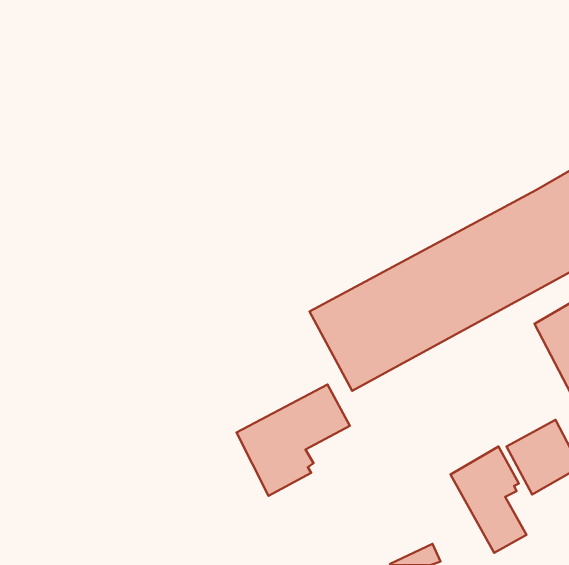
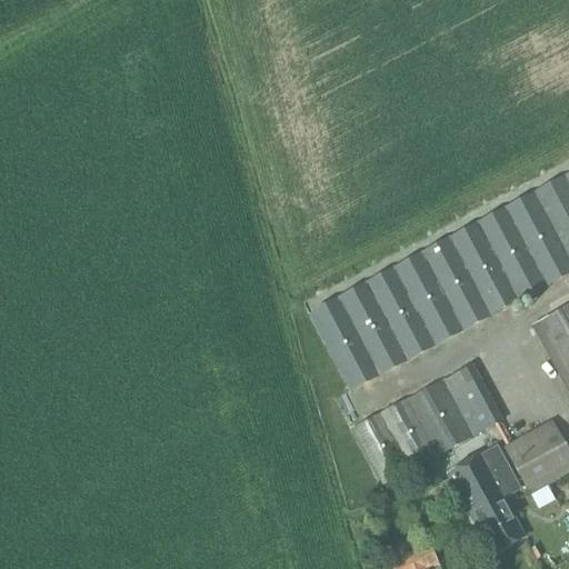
building: none -> [351,361,505,483]
building: [236,384,350,496] -> none

